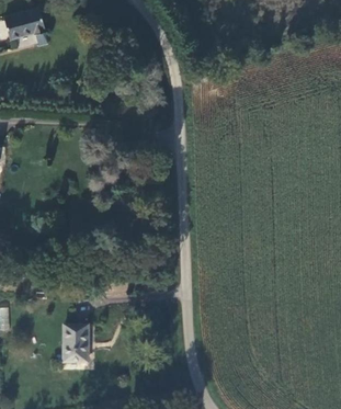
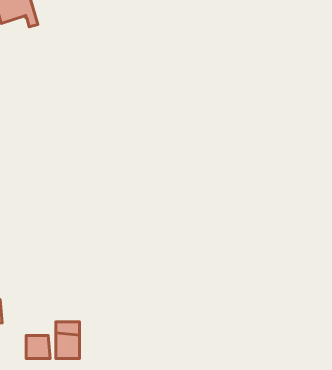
building: none -> [26,336,50,359]

